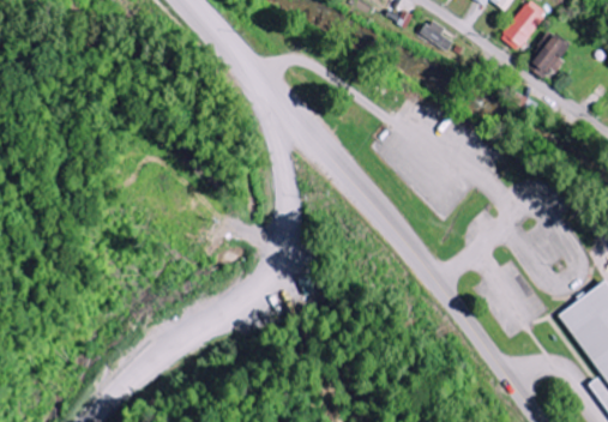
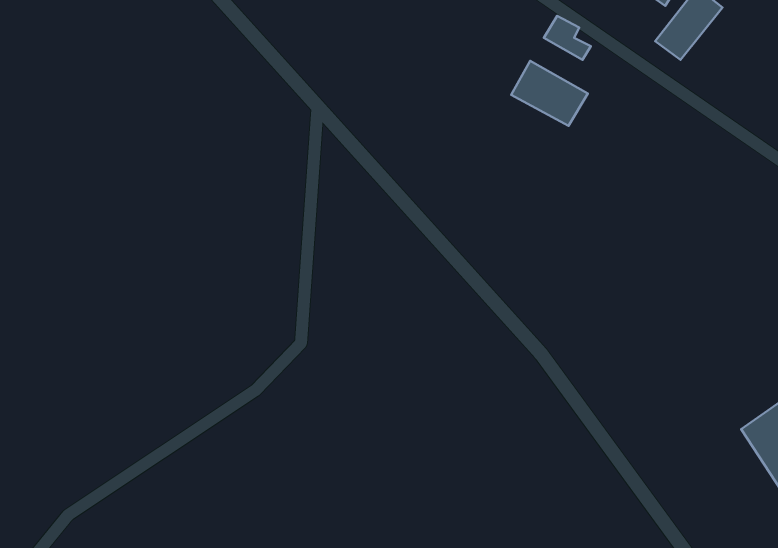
building: [531,34,571,77] -> none
building: none -> [511,61,588,126]

